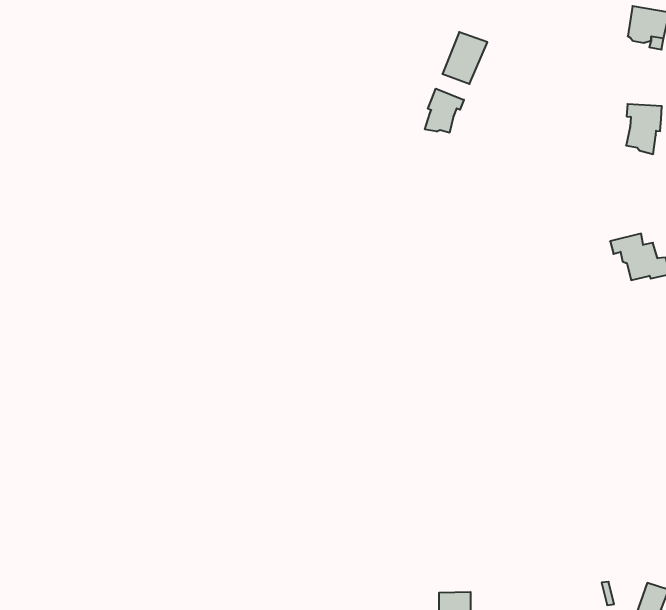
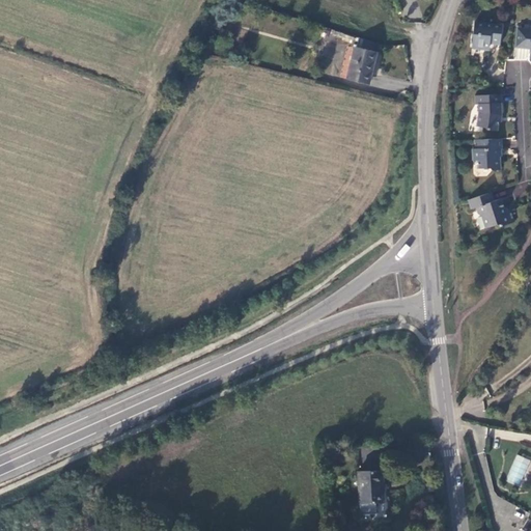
building: [425,89,464,133] -> none
building: none -> [473,138,502,169]

